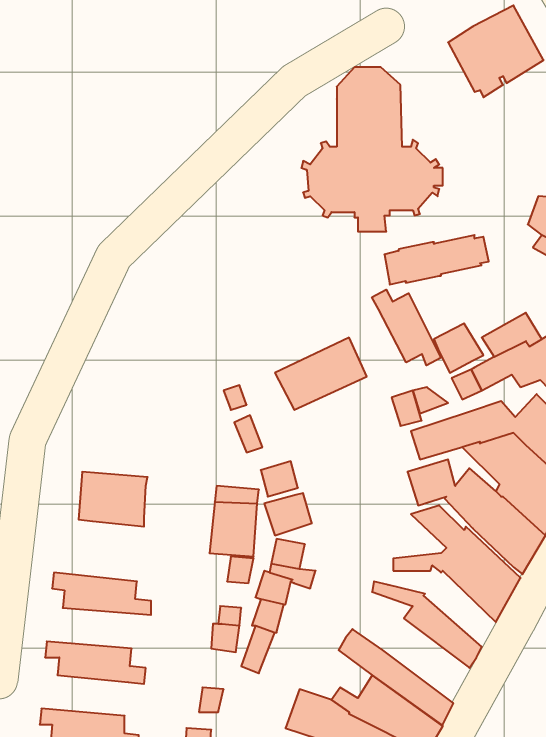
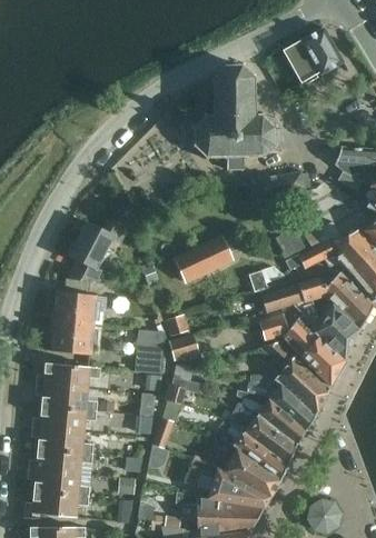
building: [372,290,441,365] -> none
building: none -> [68,221,127,283]
building: none -> [53,292,107,325]
building: none -> [36,363,100,390]
building: none -> [246,380,314,431]
building: none -> [231,402,297,467]
building: none -> [31,407,97,432]
building: none -> [28,449,92,475]

